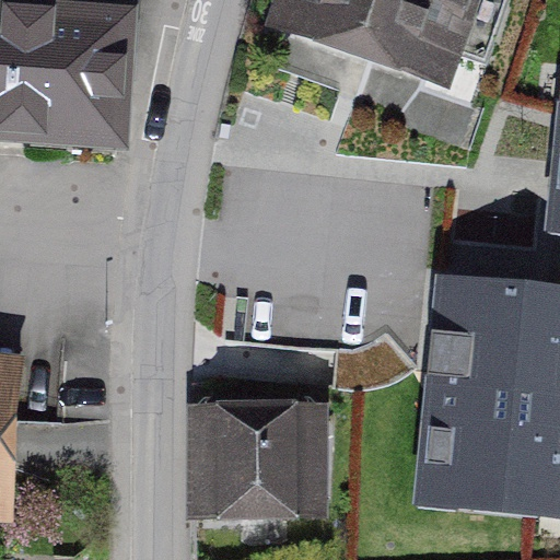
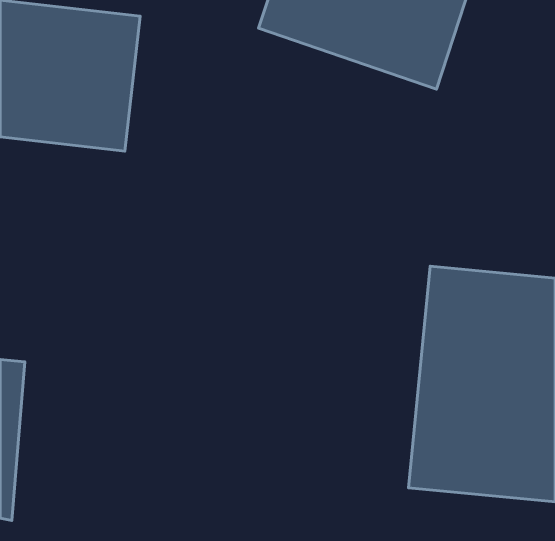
building: [217,406,329,510] -> none

